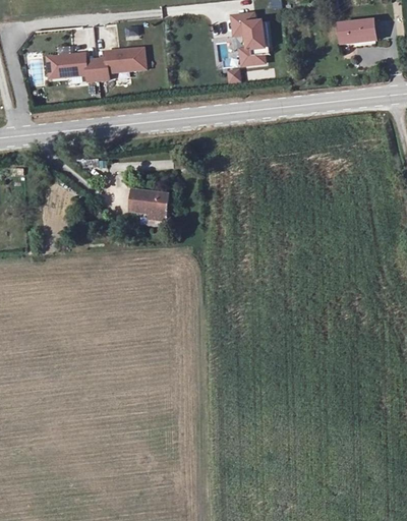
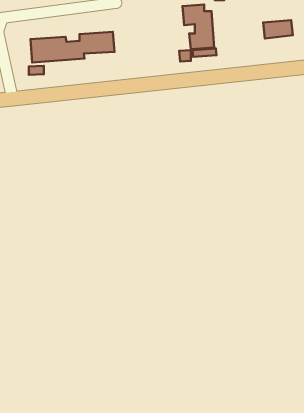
building: [130,188,170,219] -> none

